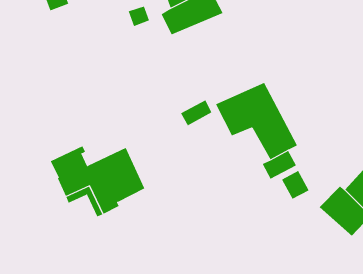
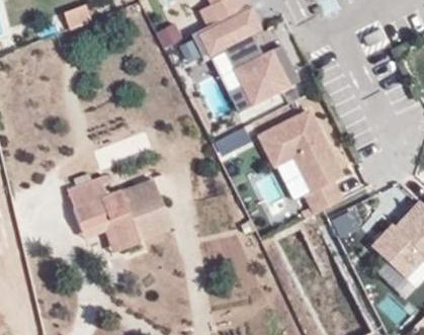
building: none -> [232,47,291,105]

